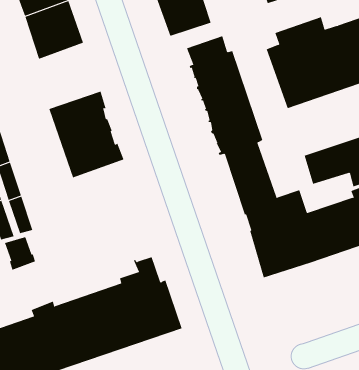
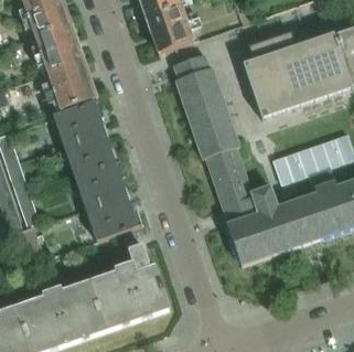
building: none -> [43,58,95,109]
building: none -> [73,160,141,239]

